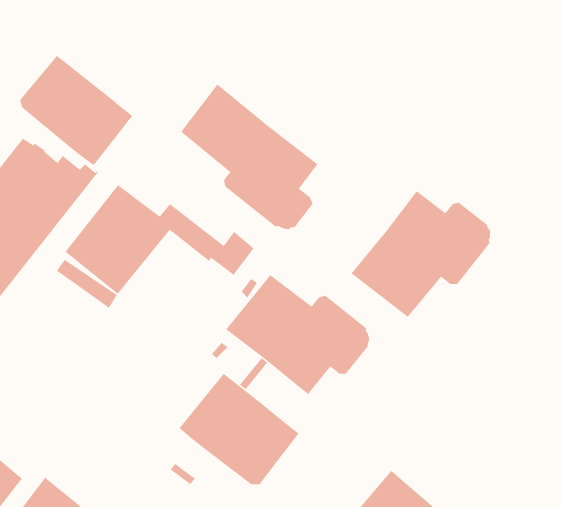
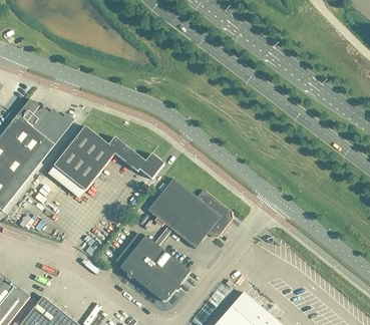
building: [19,55,133,166] -> none
building: [180,84,318,230] -> none
building: [350,190,491,318] -> none

